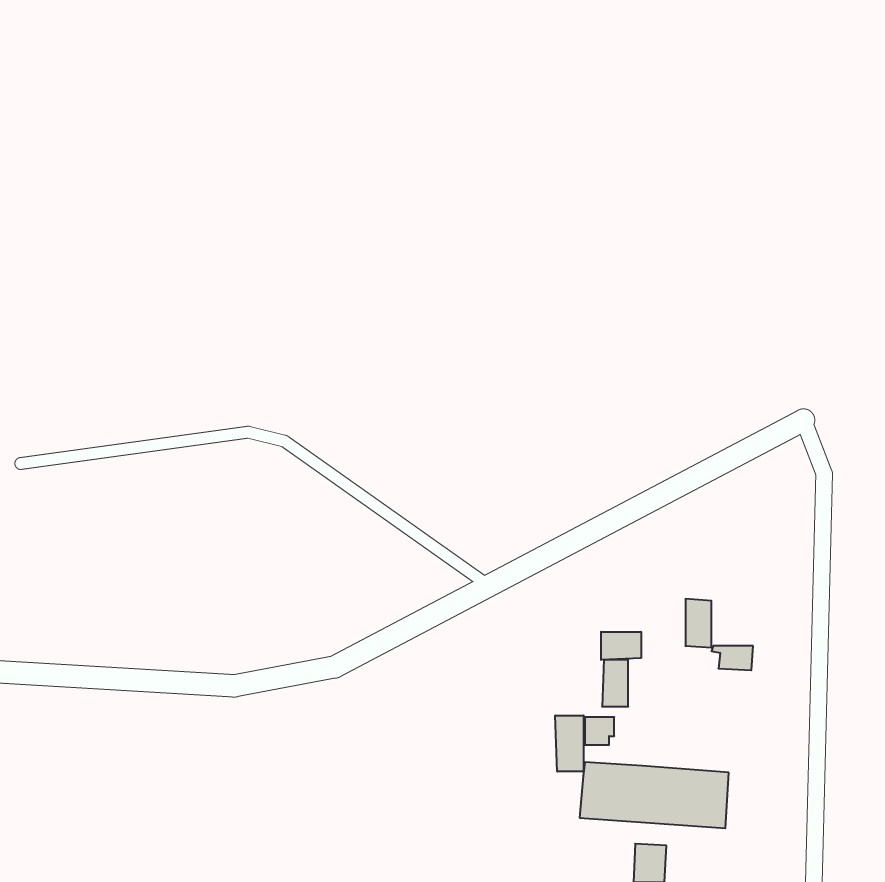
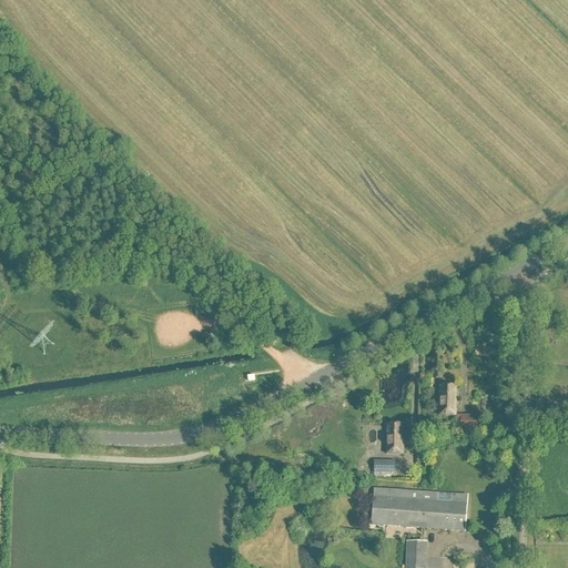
building: [601,632,641,660] -> none
building: [555,715,584,772] -> none

